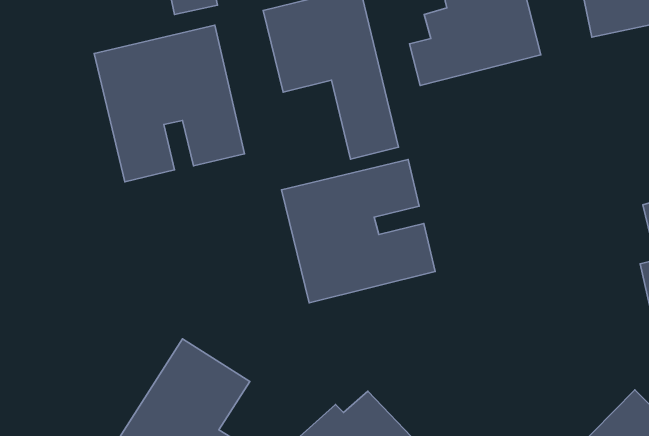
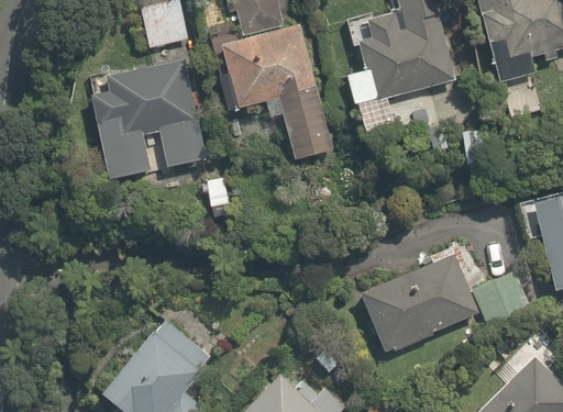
building: [281,160,435,303] -> none
building: none -> [361,260,477,355]

